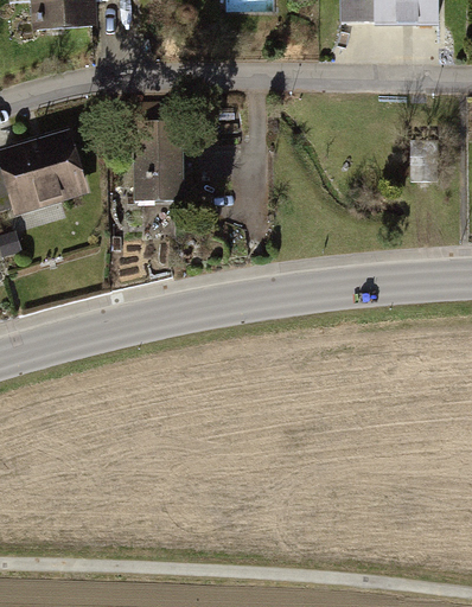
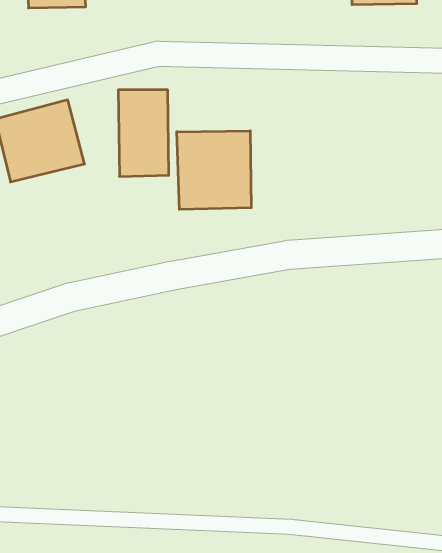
building: none -> [177,131,251,209]

